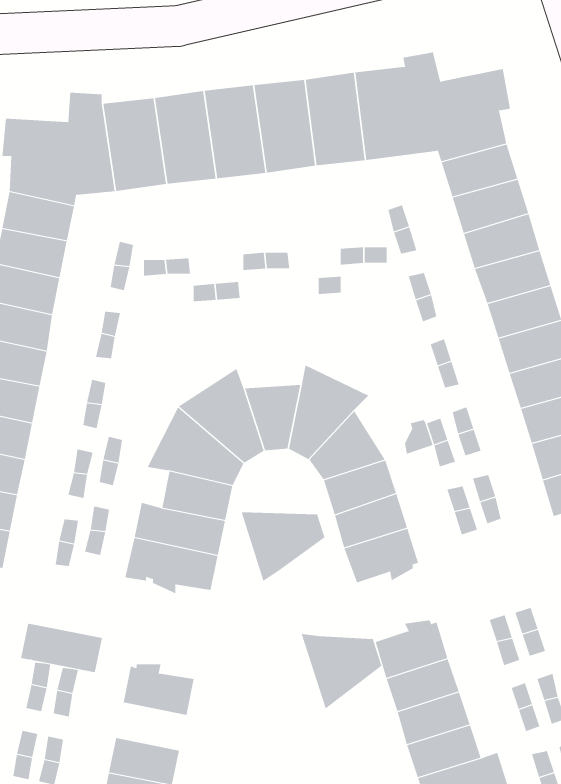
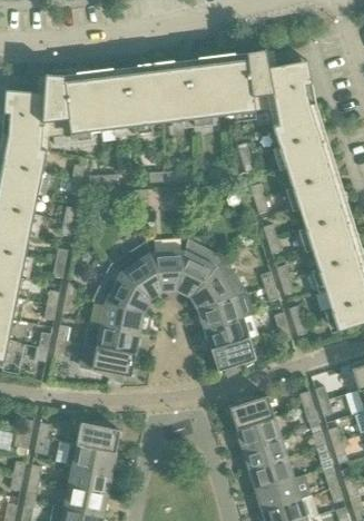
building: [241,511,325,582] -> none
building: [20,623,103,673] -> [66,442,116,472]
building: [301,633,382,710] -> none

